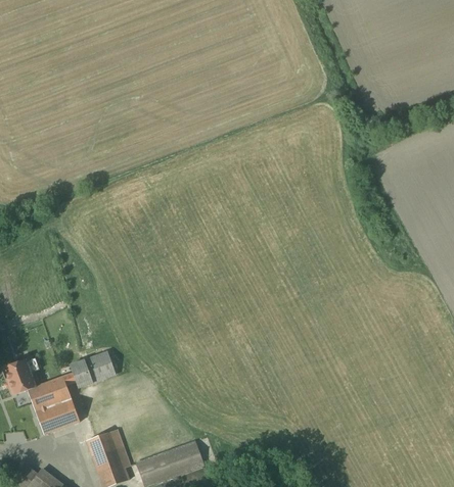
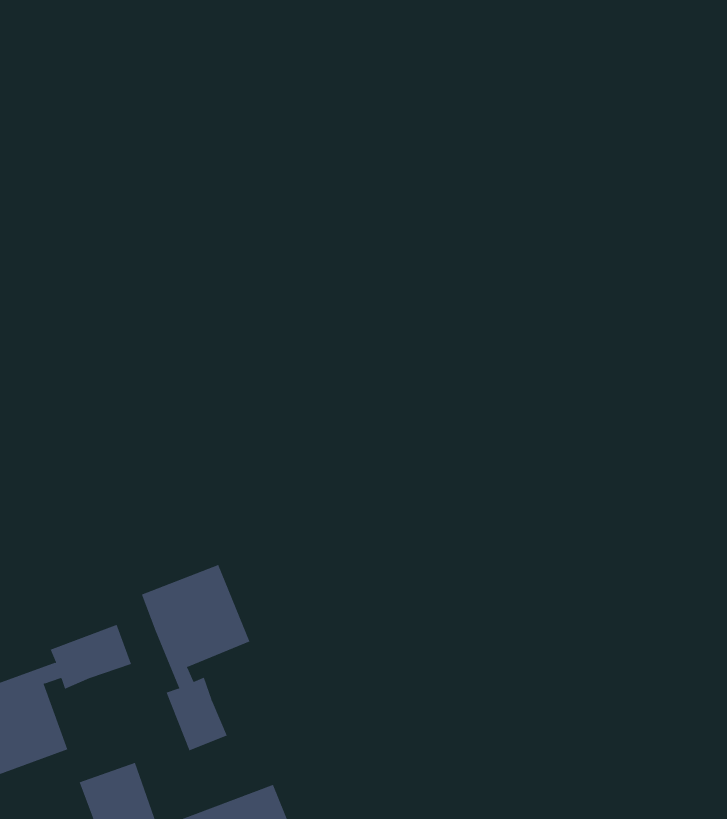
building: none -> [141,564,250,751]

